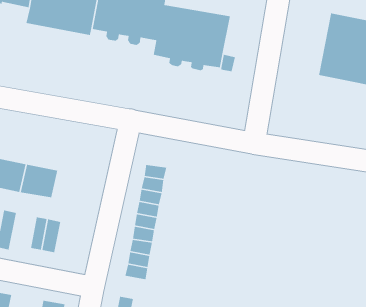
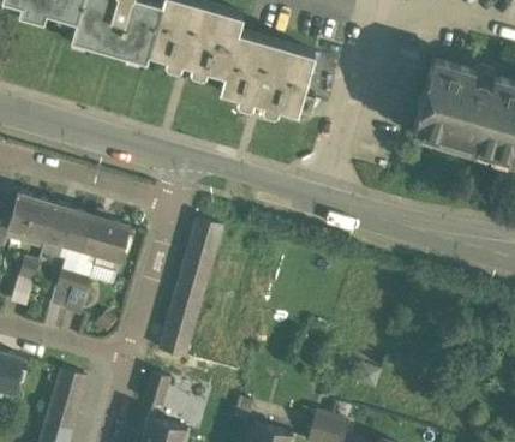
building: none -> [82,217,130,262]

